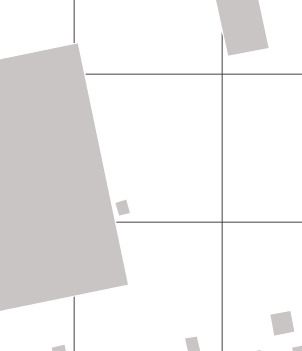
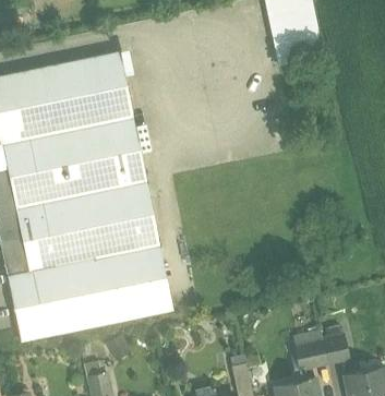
building: none -> [292,333,326,371]

